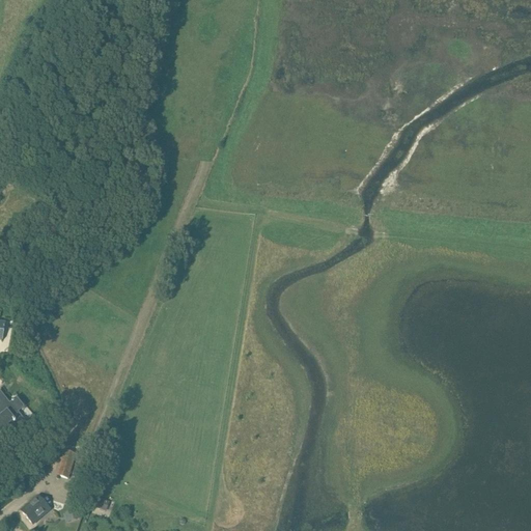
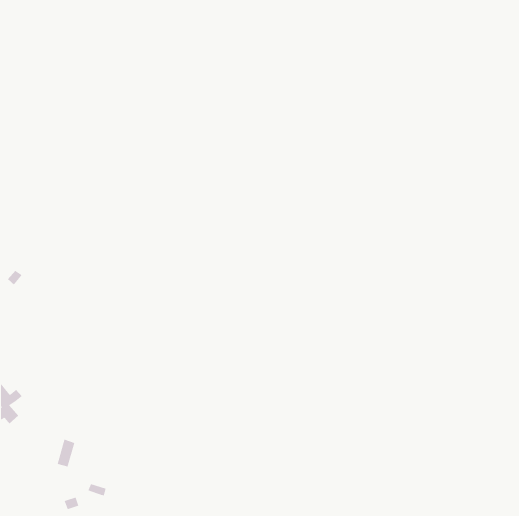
building: [22,495,50,523] -> none

